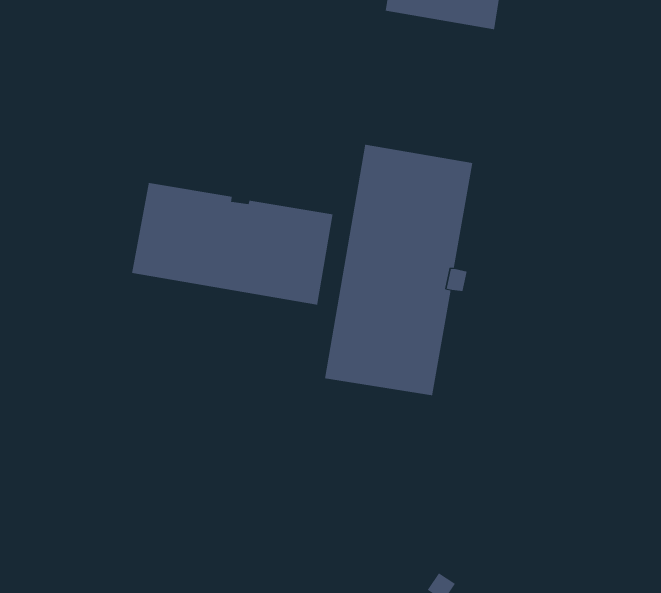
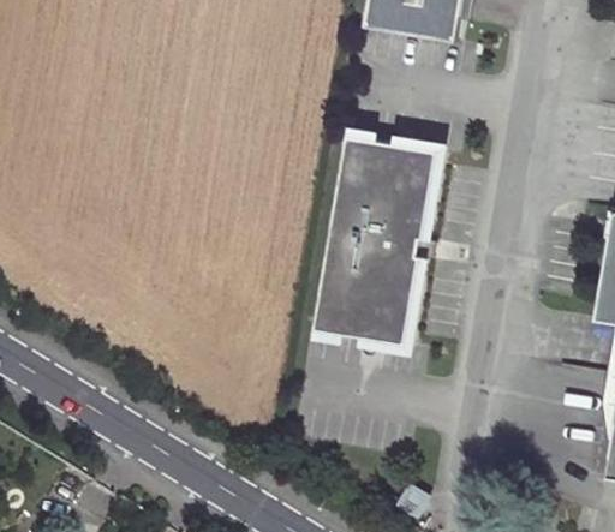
building: [131,182,333,305] -> none

